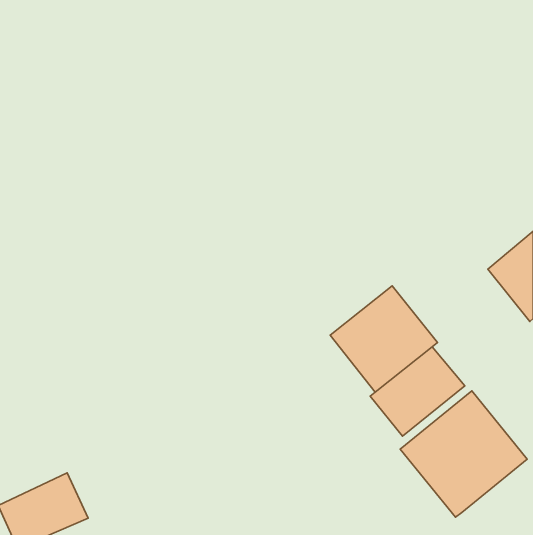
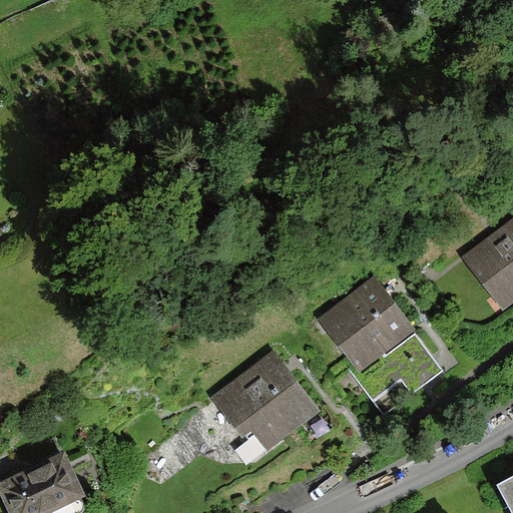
building: none -> [210,349,321,444]
building: [400,391,527,517] -> none

